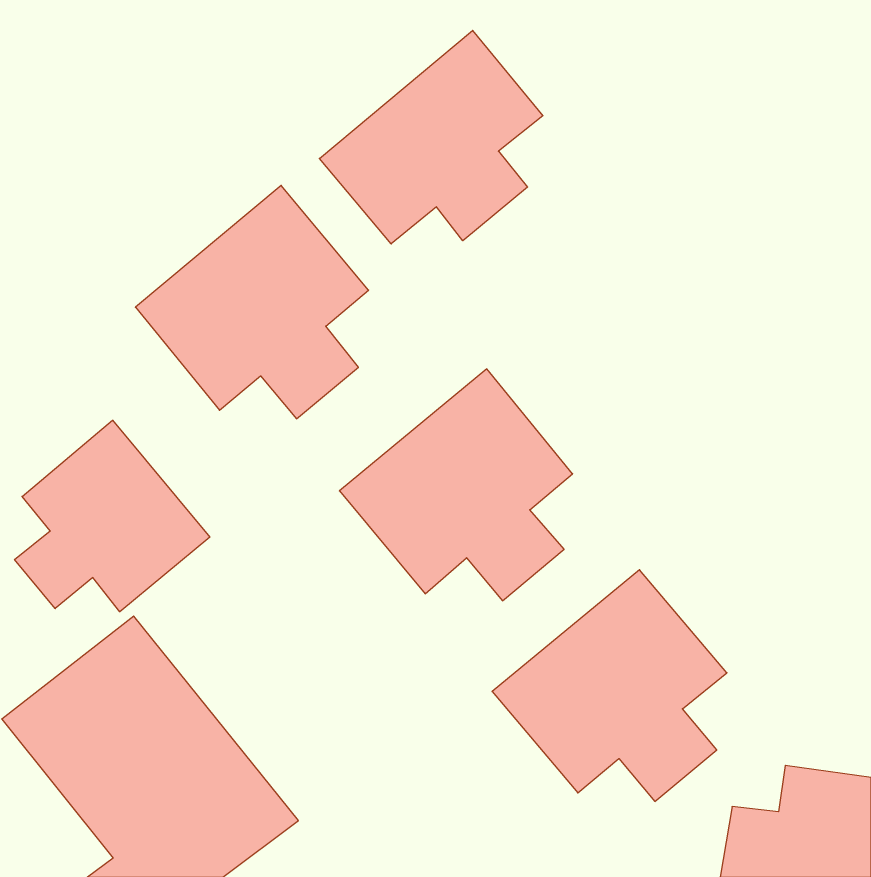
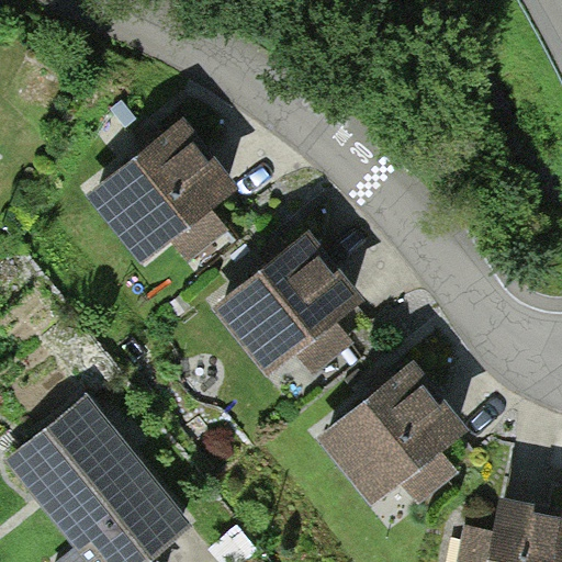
building: [319,30,543,244] -> none
building: [15,420,210,612] -> none

